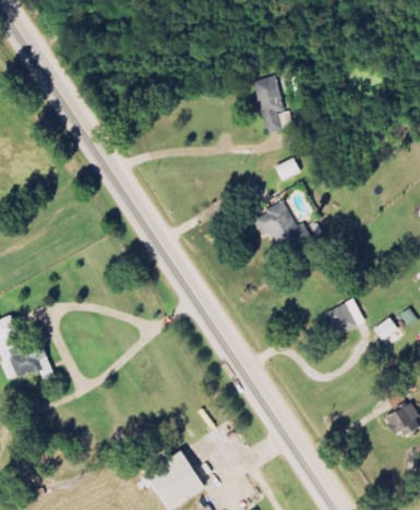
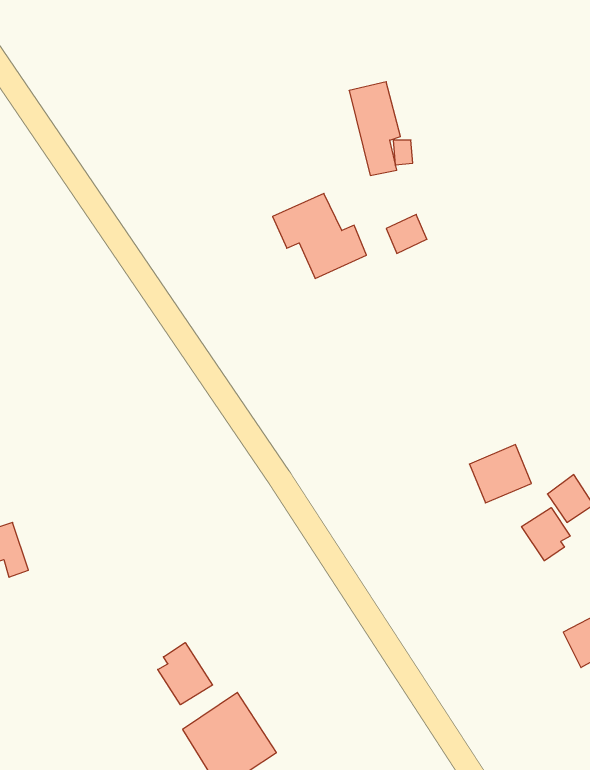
building: [252,202,310,254] -> [273,193,366,278]
building: none -> [522,508,570,561]
building: none -> [158,643,213,705]

